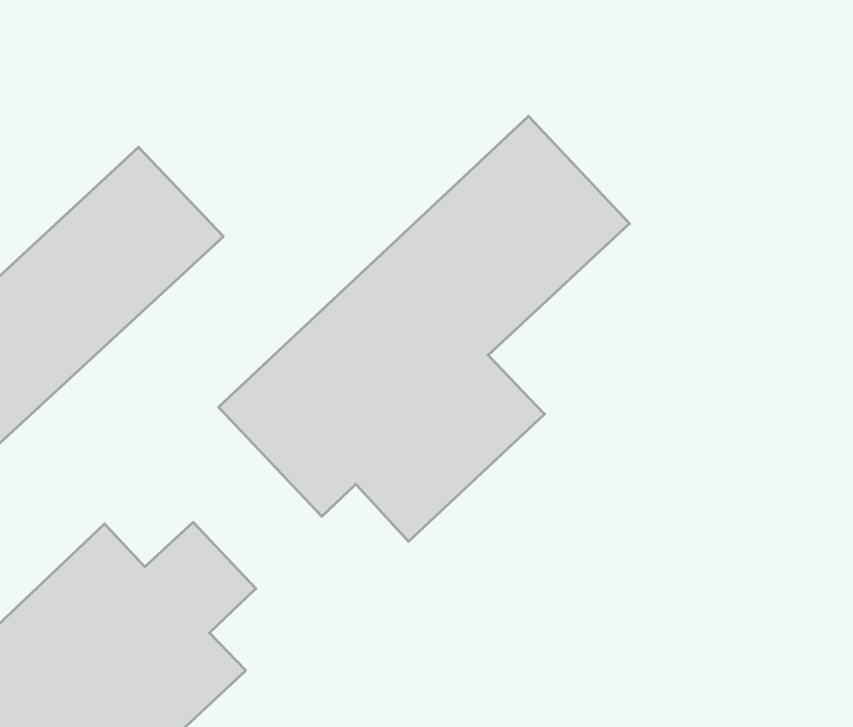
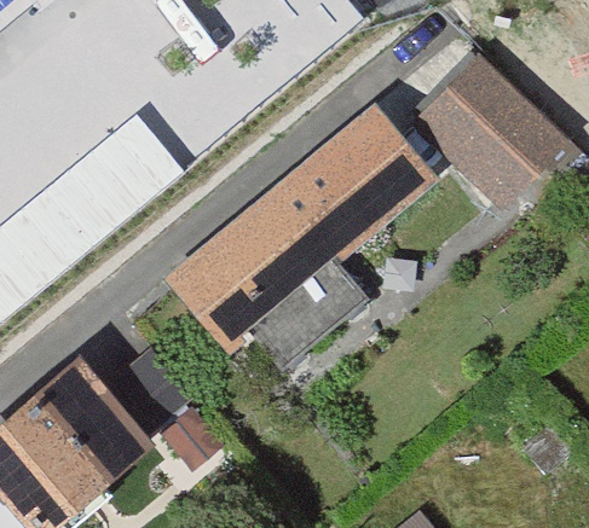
building: none -> [403,53,566,216]

